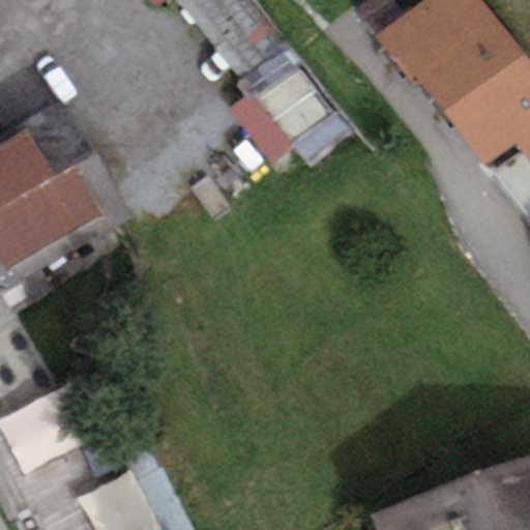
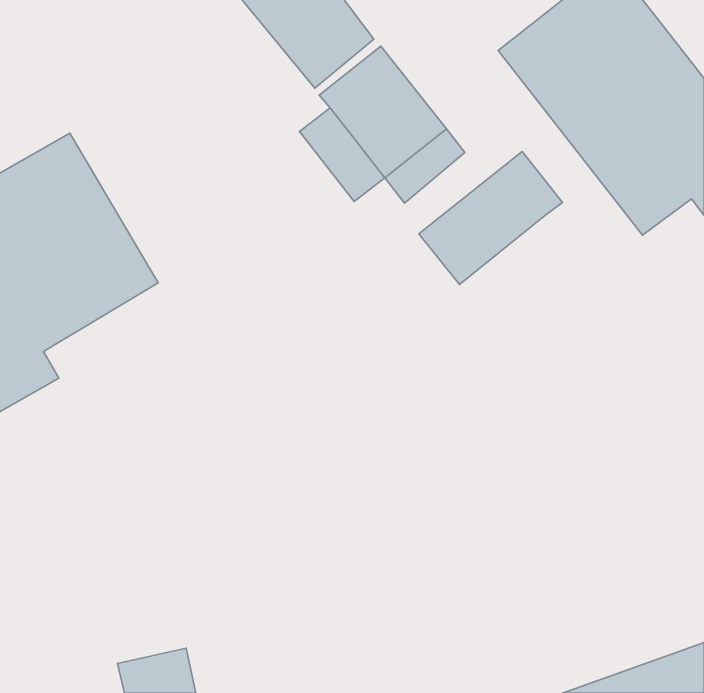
building: none -> [419,152,563,285]

